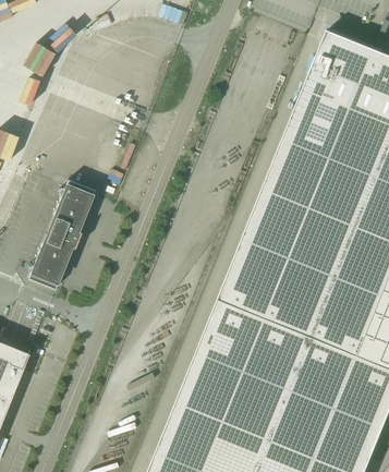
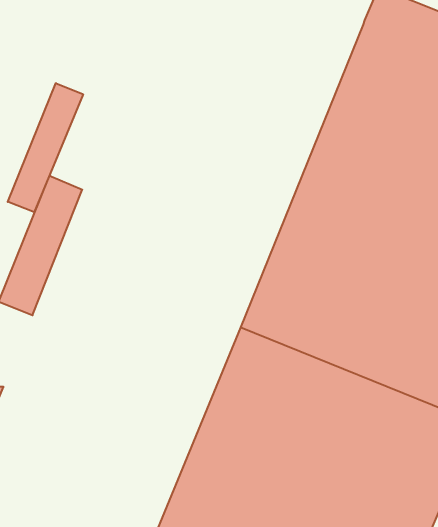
building: none -> [8,83,83,212]

